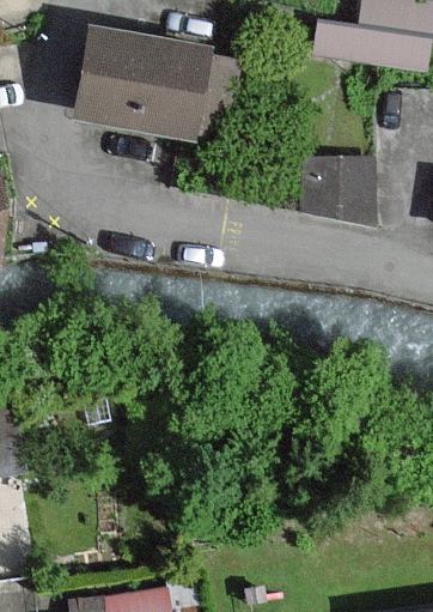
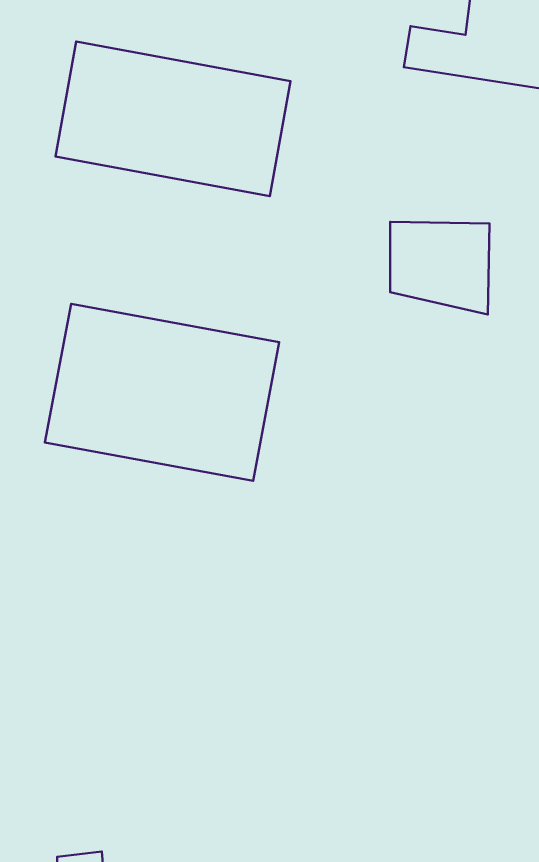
building: none -> [45,304,279,481]

